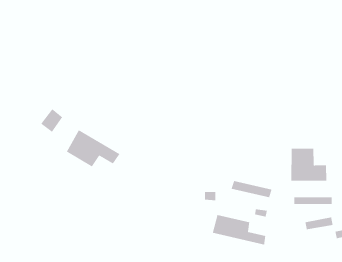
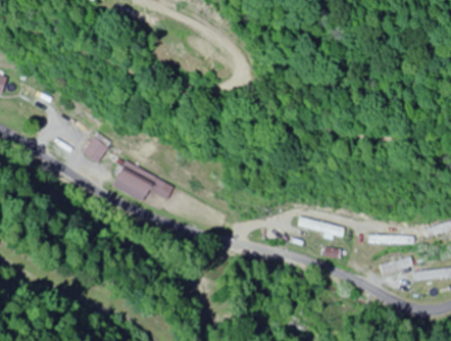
building: [290,148,327,182] -> none
building: [212,214,266,245] -> none

